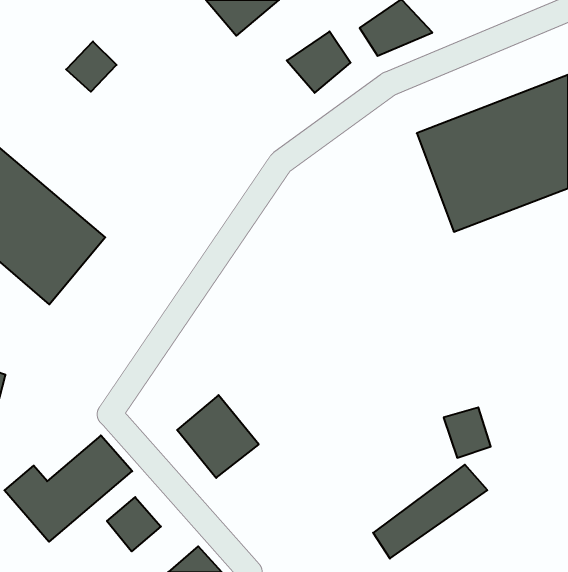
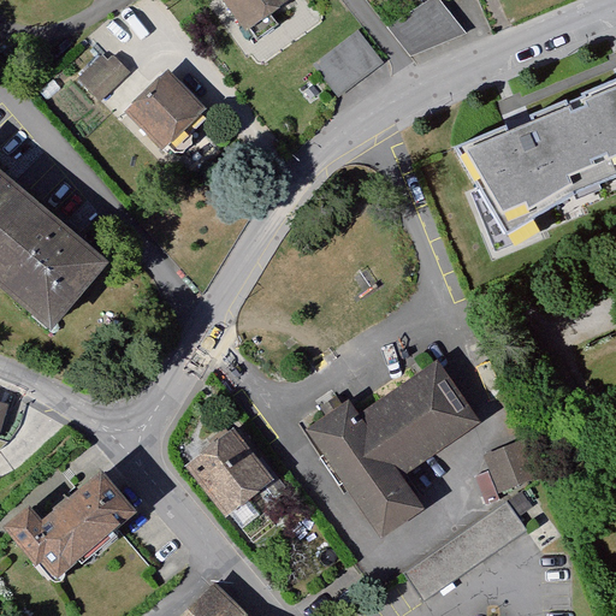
building: none -> [123,67,209,154]
building: none -> [304,362,480,538]
building: [107,497,161,551] -> none

